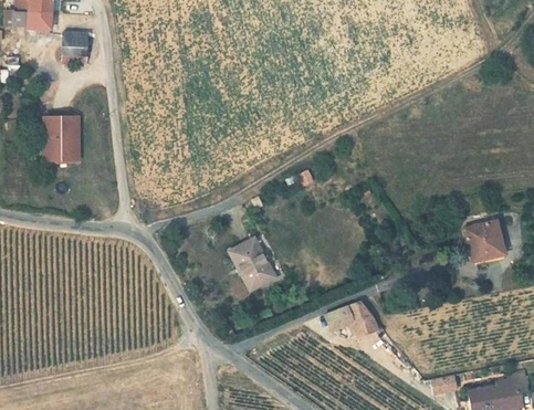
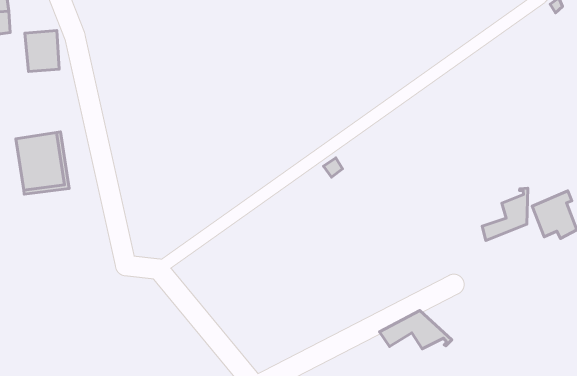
building: none -> [482,188,528,240]
building: [230,238,274,288] -> none

